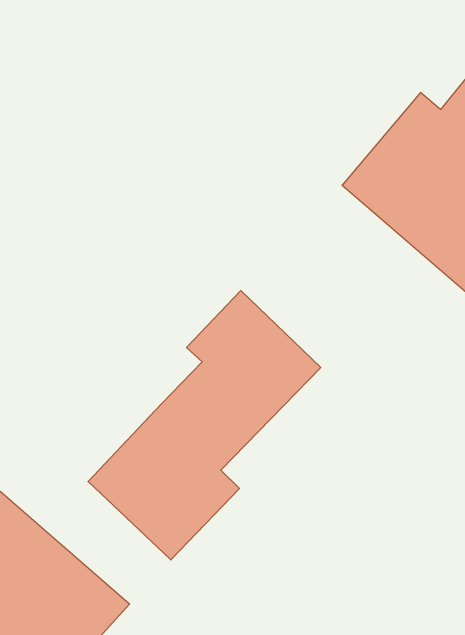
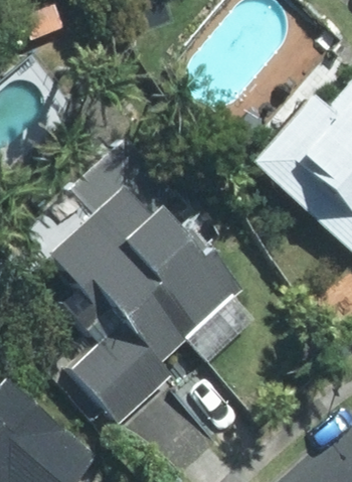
building: none -> [44,180,178,317]

